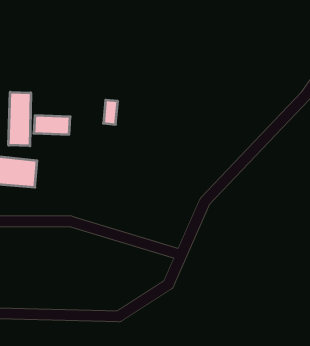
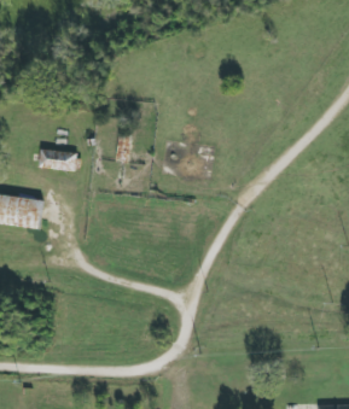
building: [9,92,31,146] -> none

